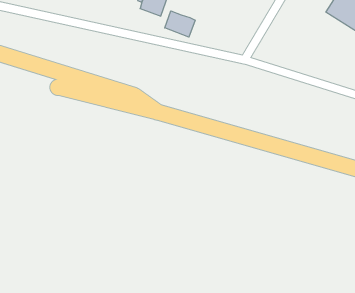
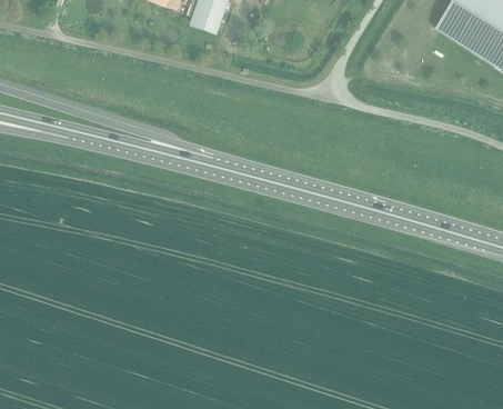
building: [165,11,195,37] -> none

